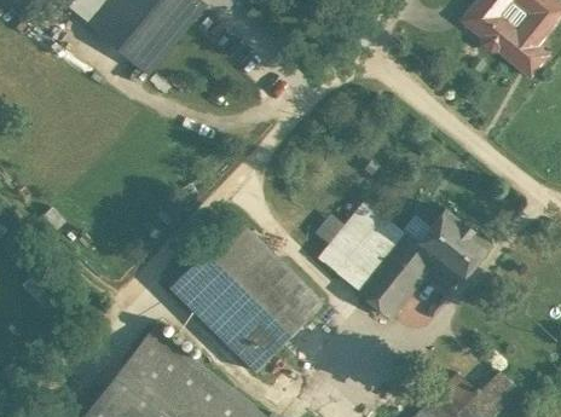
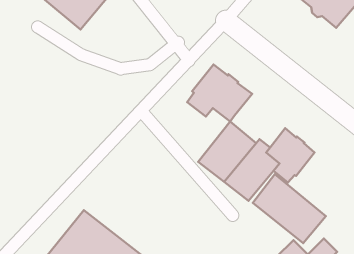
building: none -> [187,64,252,122]
building: [168,218,323,371] -> none
building: none -> [253,174,326,243]

